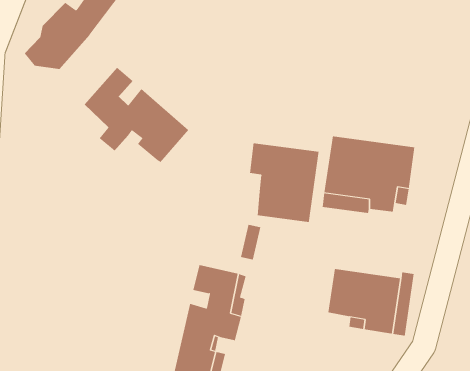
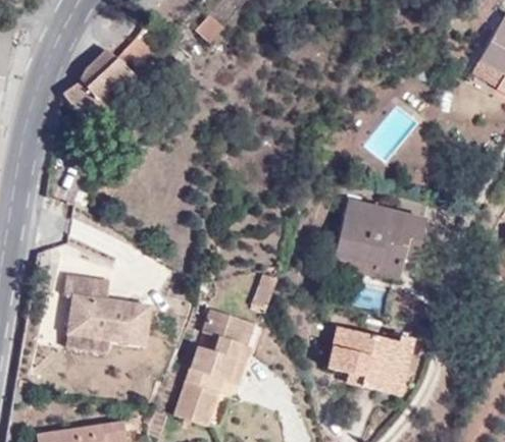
building: [84,67,189,163] -> none
building: [249,143,319,223] -> none
building: none -> [66,276,151,351]

